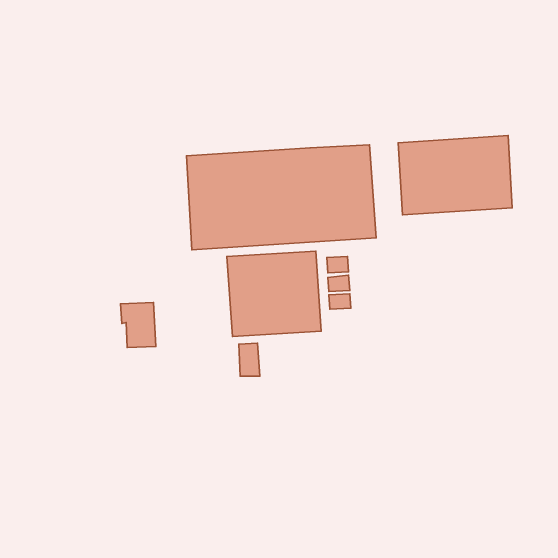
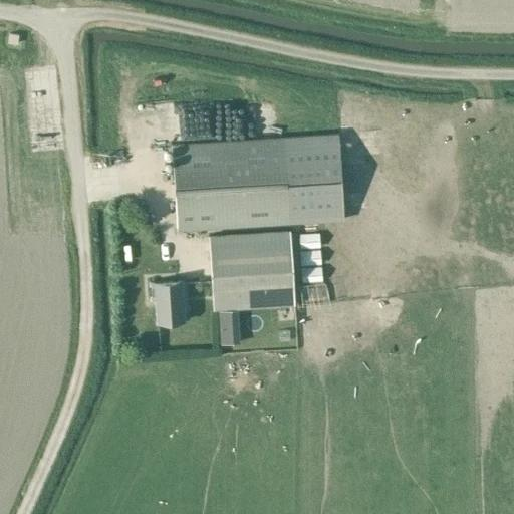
building: [398,136,512,215] -> none
building: [121,303,156,348] -> [153,282,185,323]

